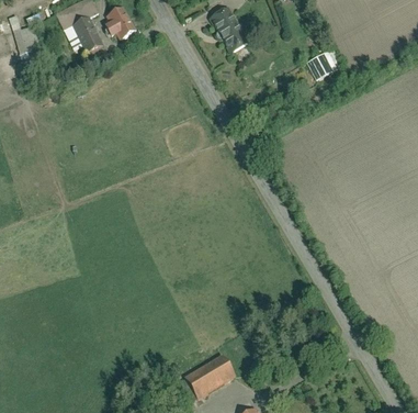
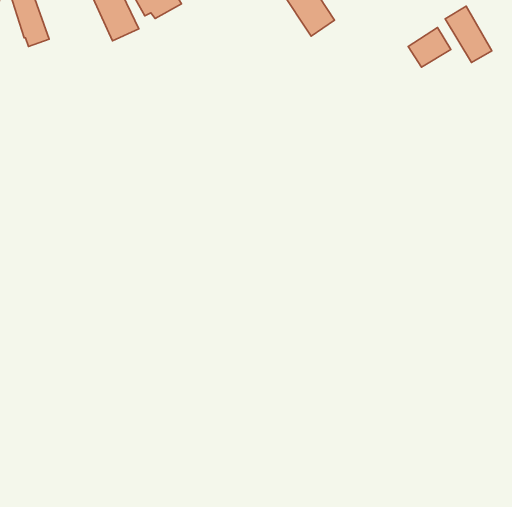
building: none -> [445,6,492,63]
building: [183,353,237,399] -> none

